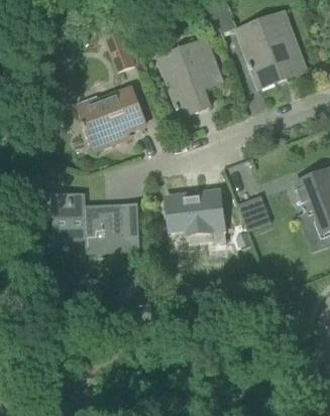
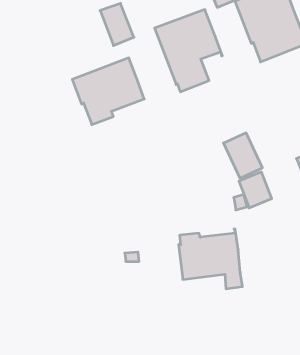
building: [164,190,227,249] -> [179,229,242,289]
building: [52,192,140,254] -> none

